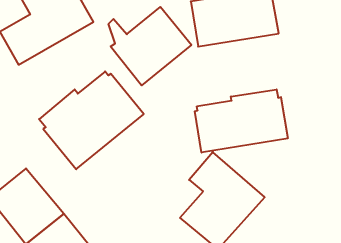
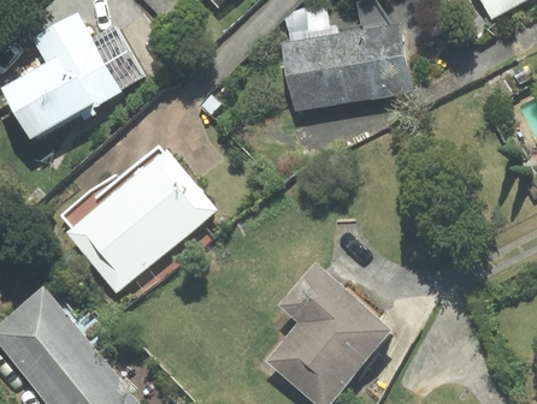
building: [109,7,191,85] -> none
building: [195,89,288,153] -> none

